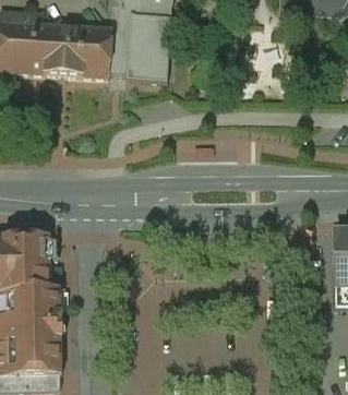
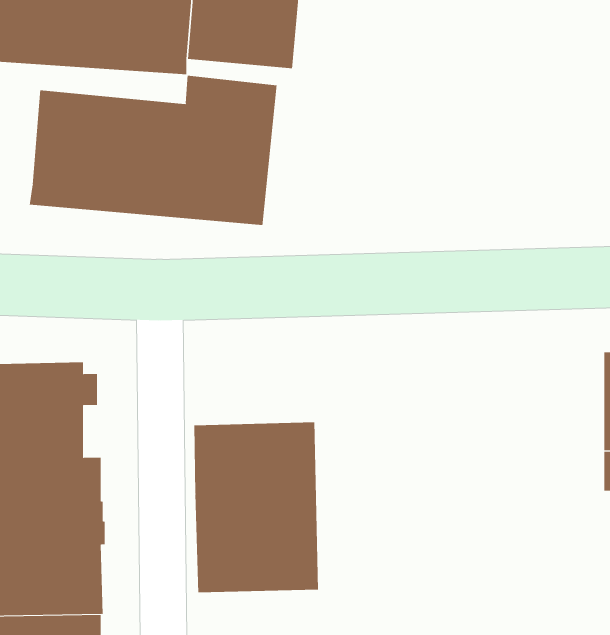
building: none -> [29,75,277,226]
building: none -> [194,421,319,593]

